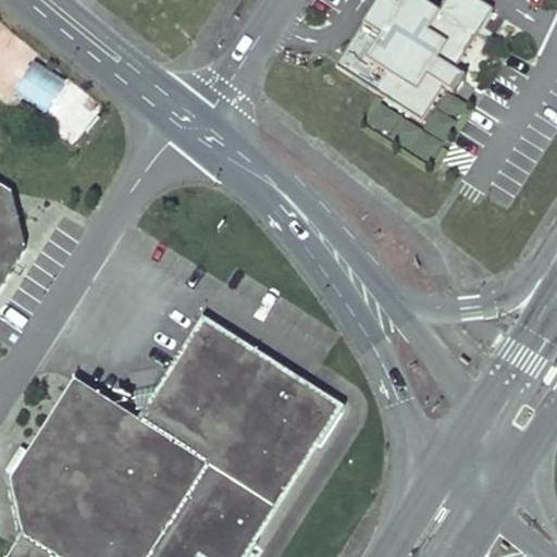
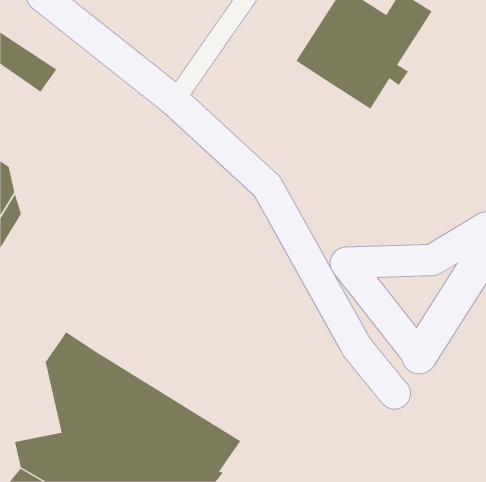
building: [110,318,341,504] -> none
building: [10,413,70,505] -> none

